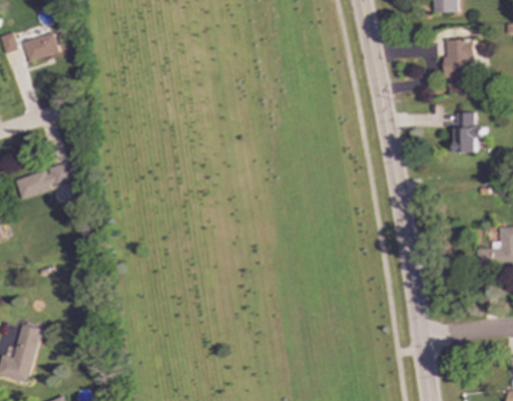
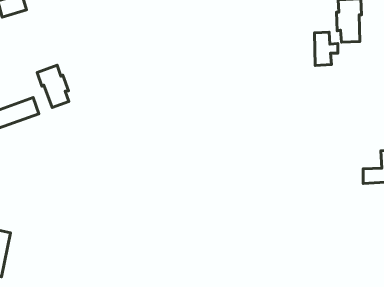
building: [455,111,484,152] -> [314,32,338,65]
building: none -> [37,65,69,107]

